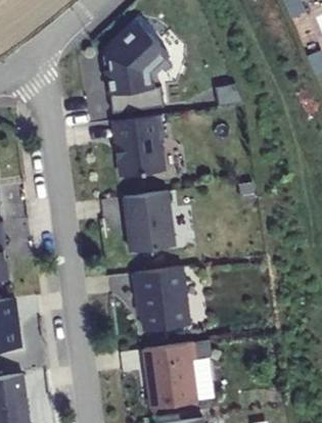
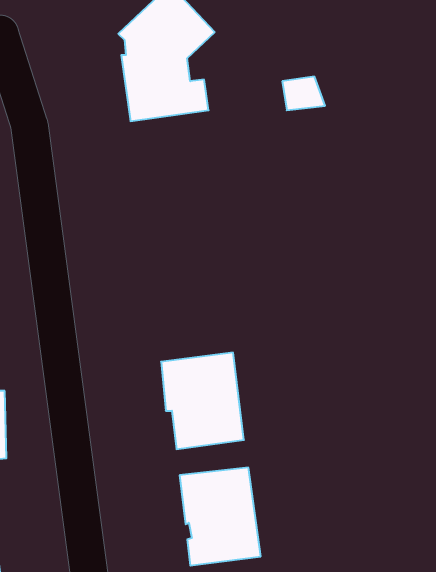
building: [114,113,166,176] -> none
building: [124,191,175,251] -> none

